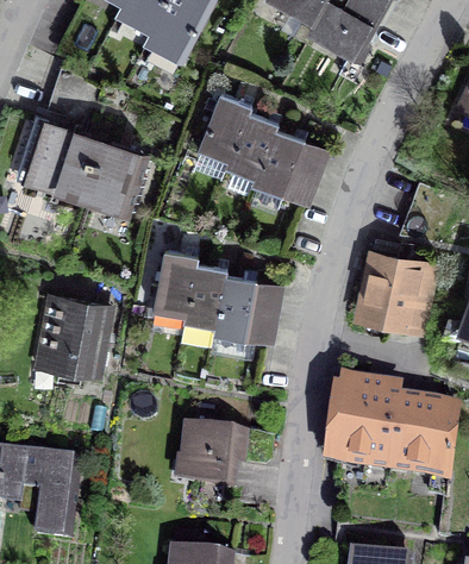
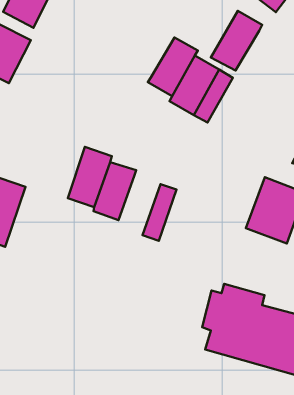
building: [196,93,249,161] -> [211,11,262,71]
building: [67,138,140,209] -> none
building: [212,274,255,340] -> none
building: [180,426,273,501] -> none

